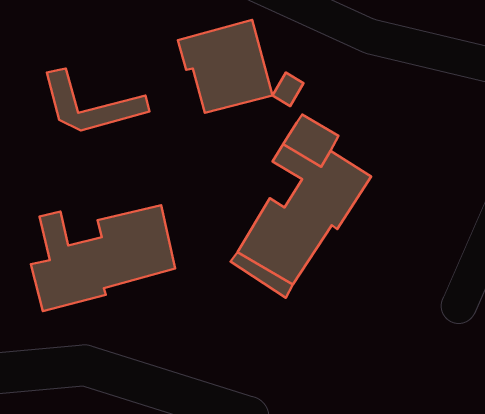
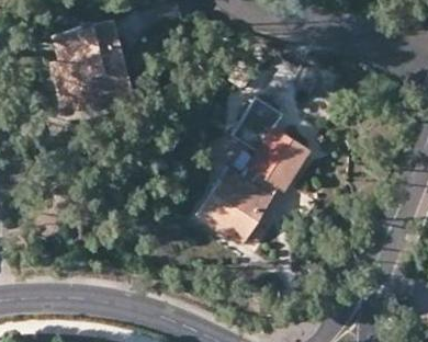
building: [178,20,272,113] -> [53,19,129,94]
building: [31,205,175,311] -> none

